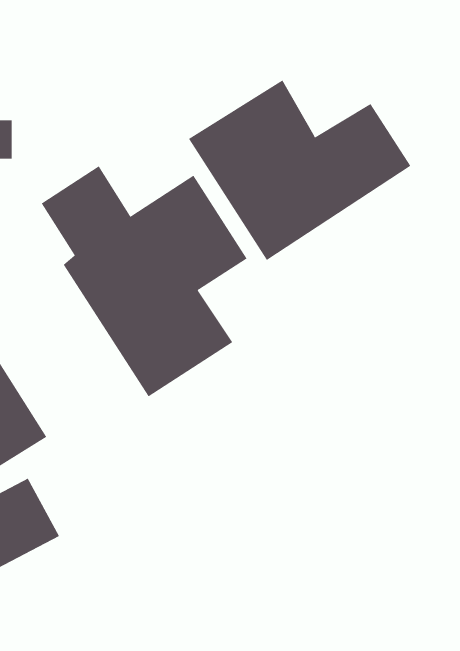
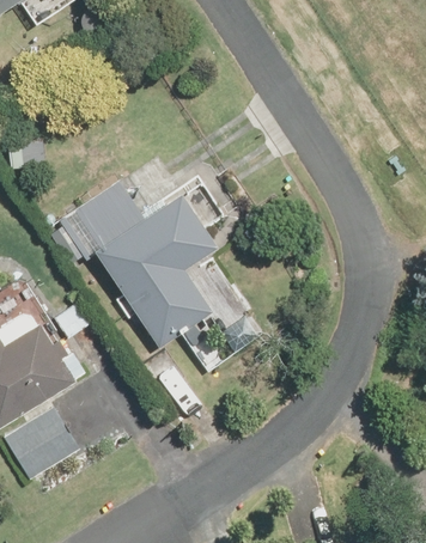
building: [188,79,411,261] -> none

